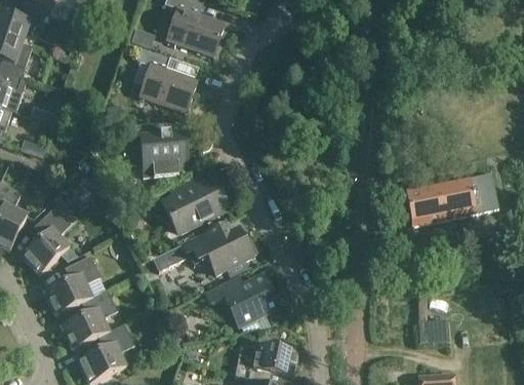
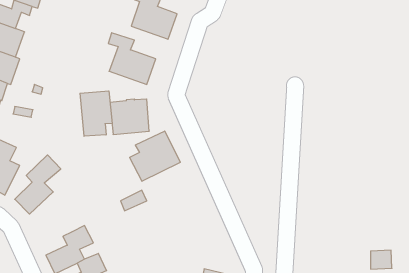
building: none -> [80,91,112,136]
building: [403,172,499,227] -> none
building: [184,225,254,275] -> none
building: [43,254,102,315] -> none
building: [204,278,275,331] -> none
building: [419,317,446,341] -> [371,250,392,269]

